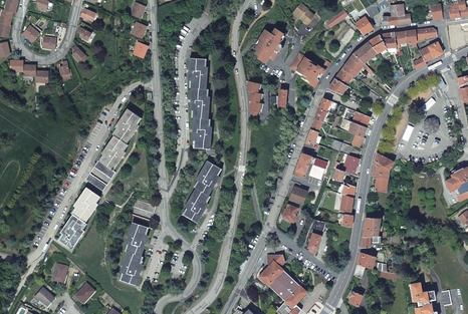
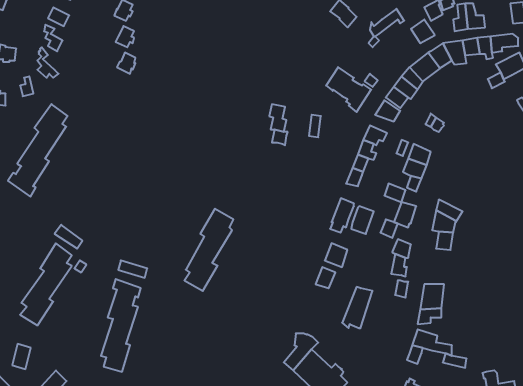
building: [254,28,283,62] -> none
building: [188,58,214,155] -> none
building: [93,108,139,179] -> [8,104,68,197]

